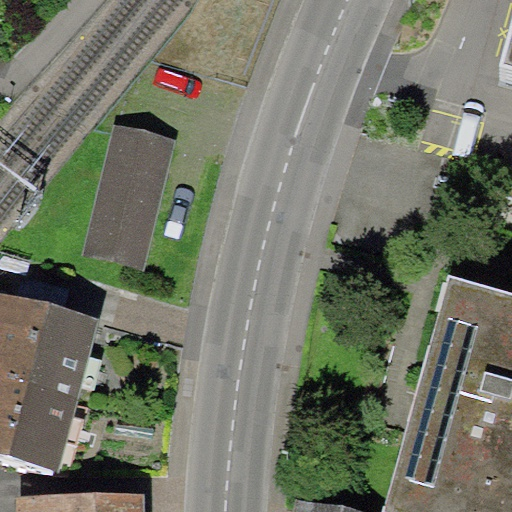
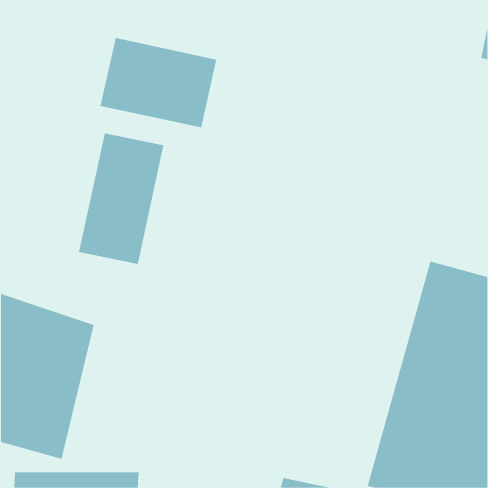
building: none -> [100,37,217,128]

